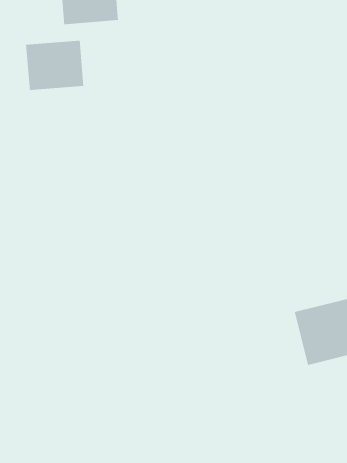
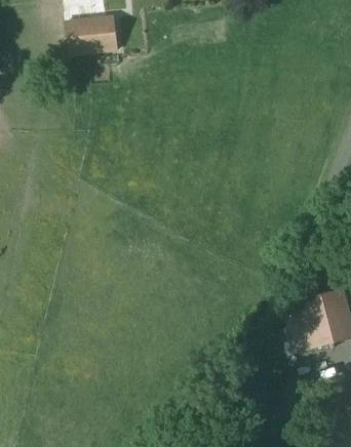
building: [25,40,84,91] -> none

